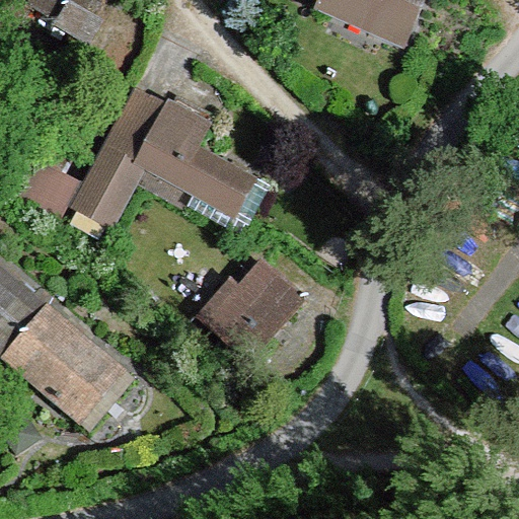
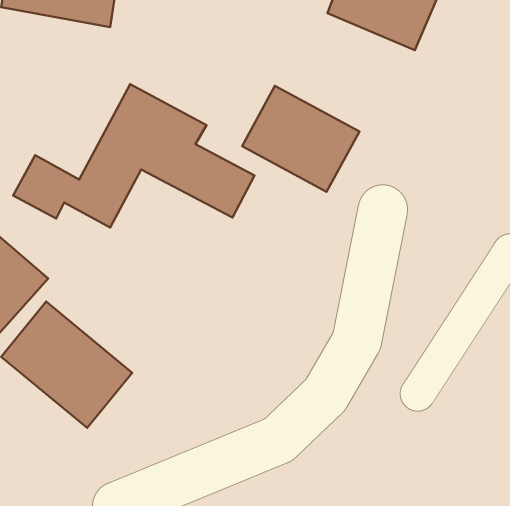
building: none -> [242,86,359,192]
building: [204,236,311,346] -> none

